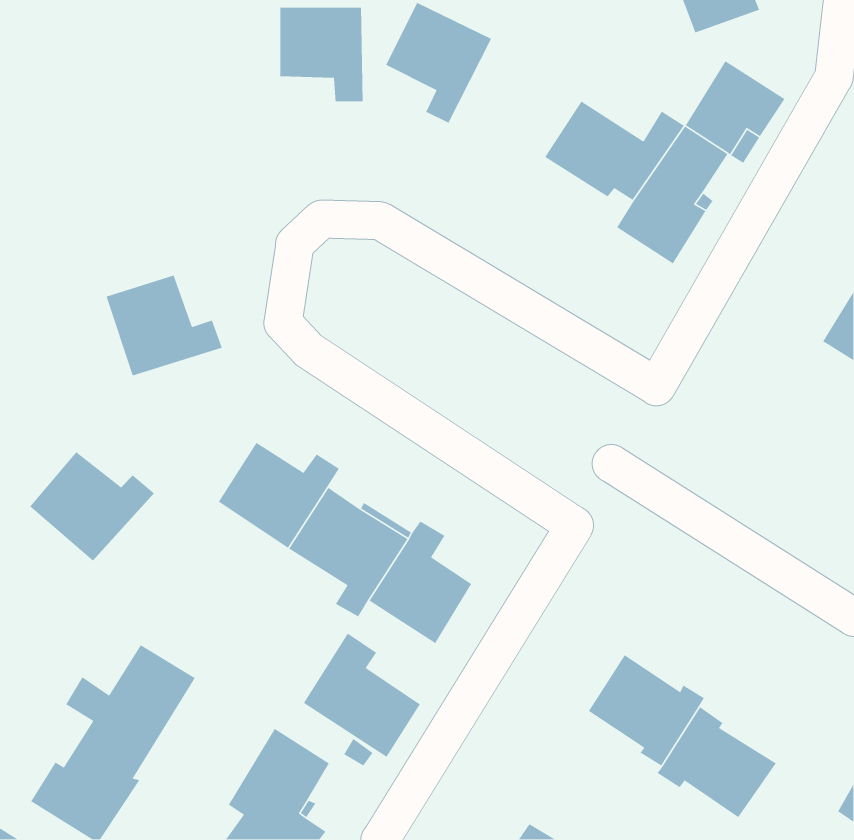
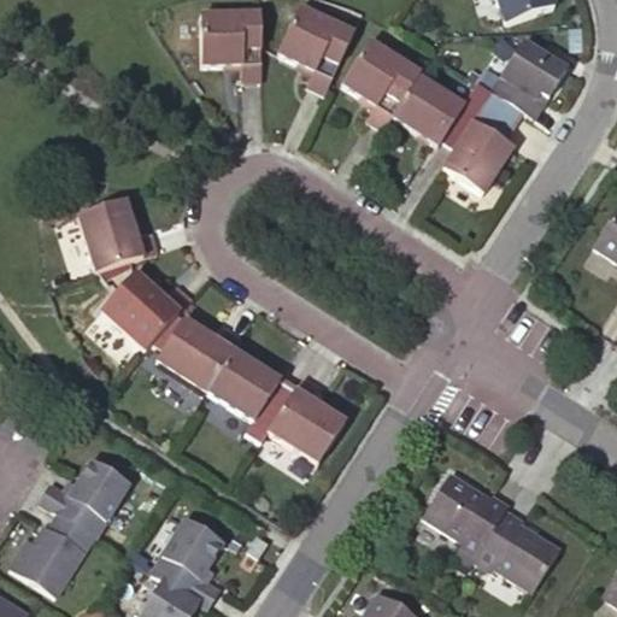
building: none -> [341,36,421,127]
building: [29,451,155,562] -> [104,269,194,348]
building: [303,633,421,758] -> none

